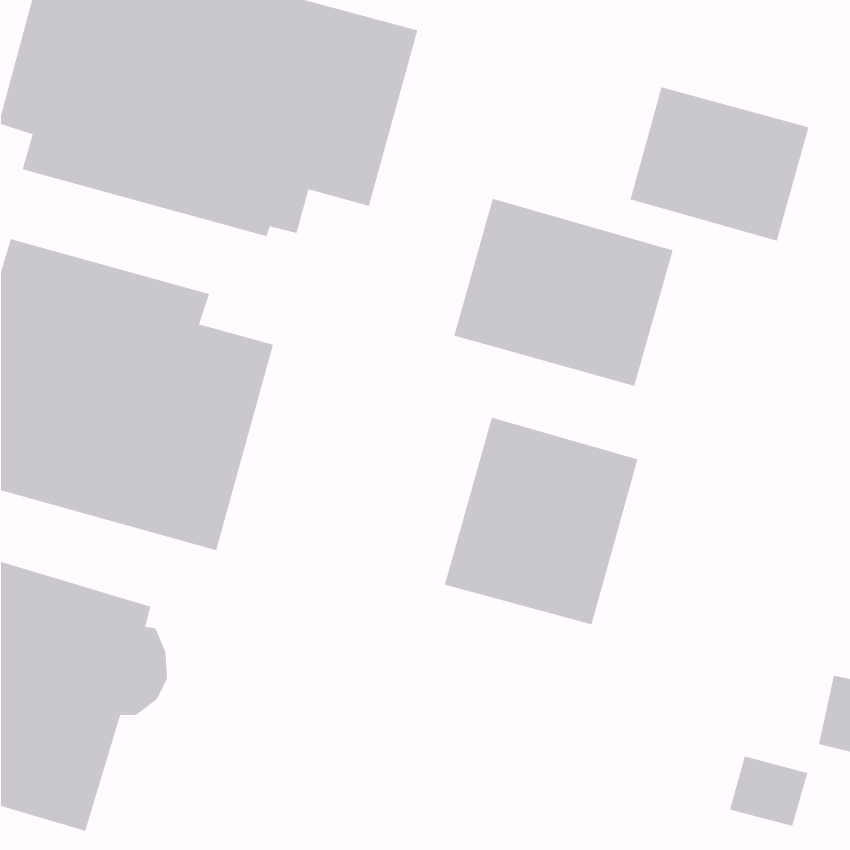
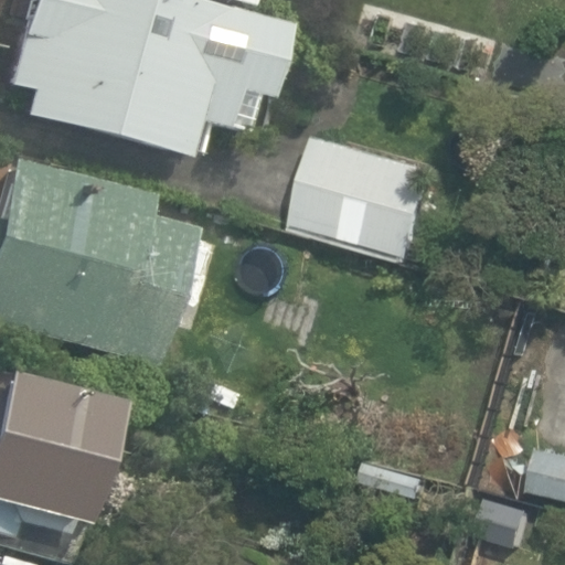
building: [630,86,809,242] -> none
building: [444,417,638,625] -> none

